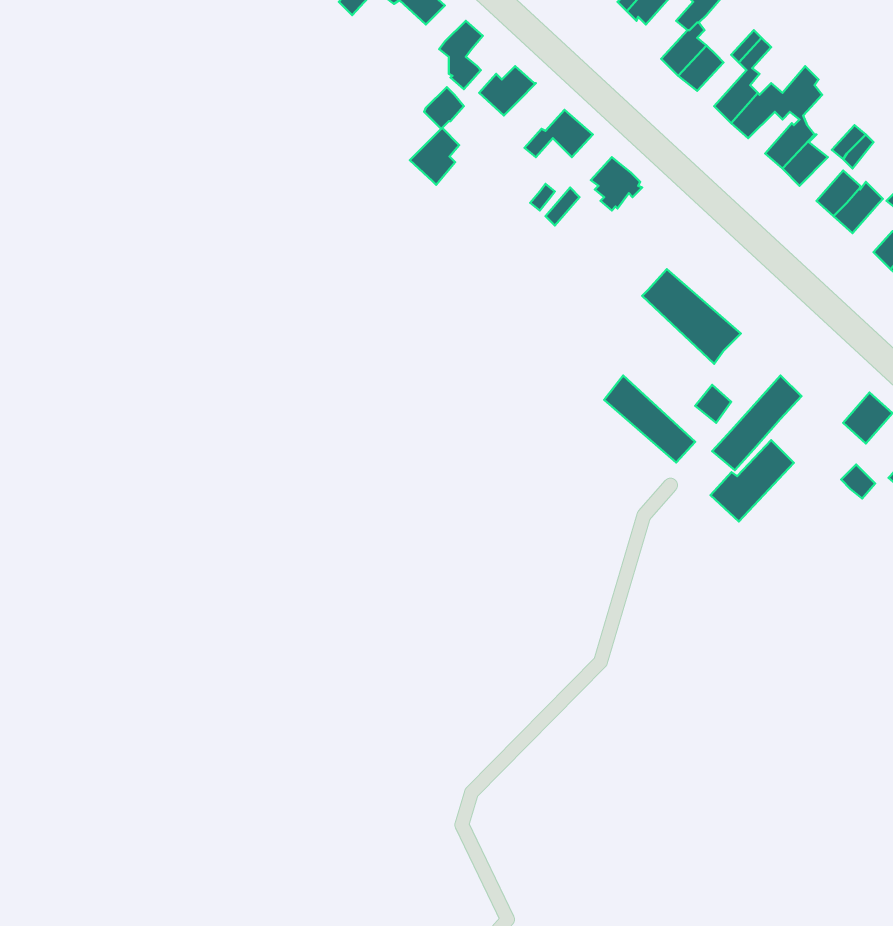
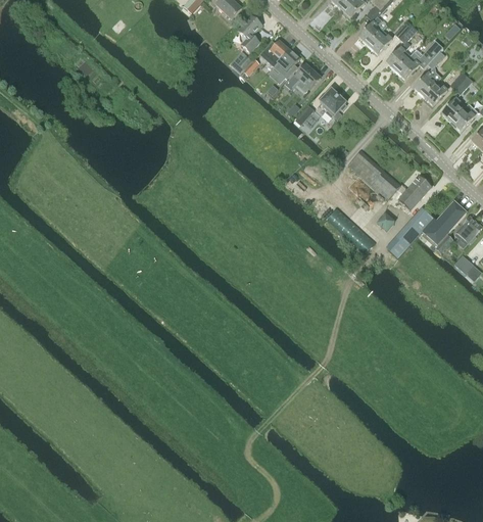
building: [410,128,459,185] -> [273,49,299,80]
building: none -> [397,175,431,209]
building: [711,440,794,522] -> [422,200,467,244]

